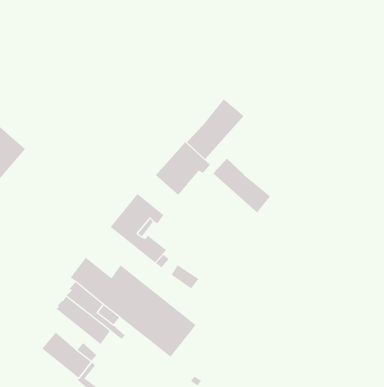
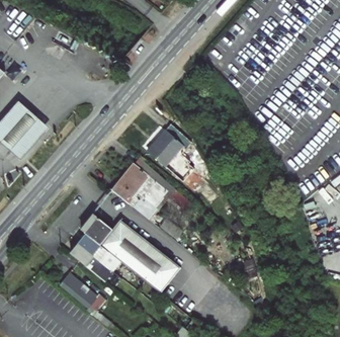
building: [186,99,244,160] -> none
building: [212,158,271,213] -> none

